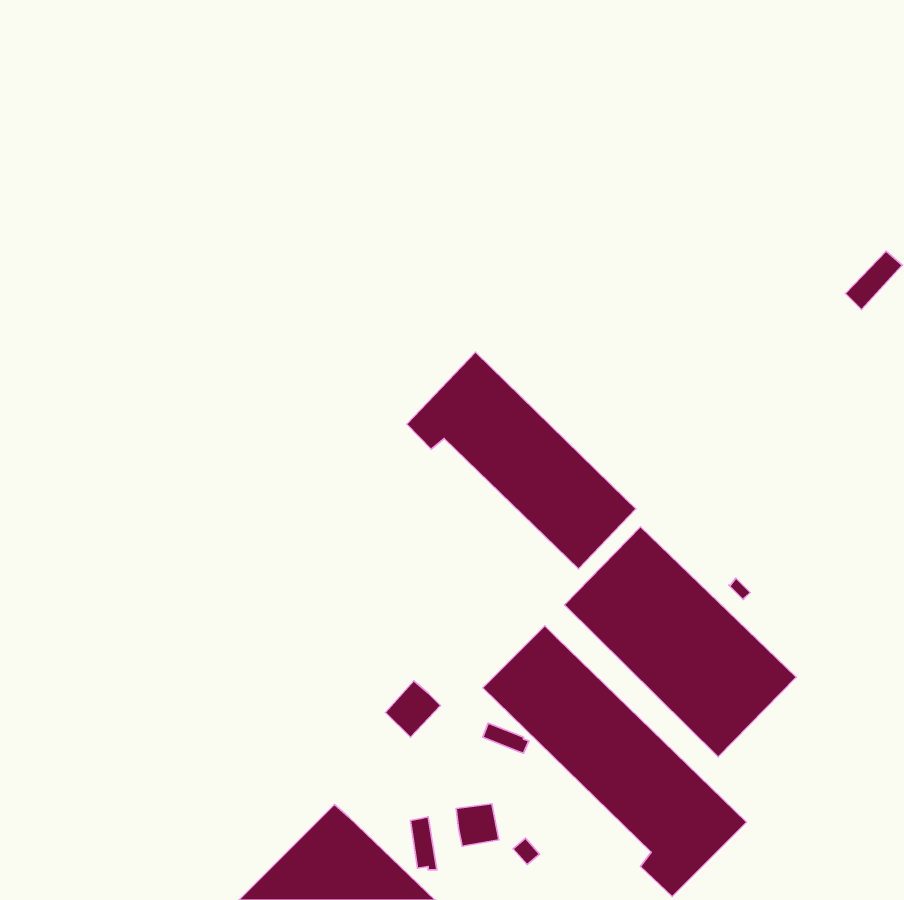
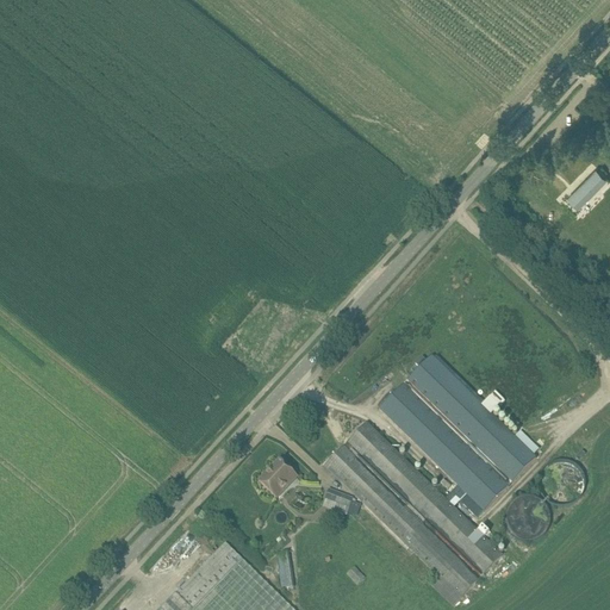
building: [407,352,636,569] -> none
building: [456,804,499,846] -> none

